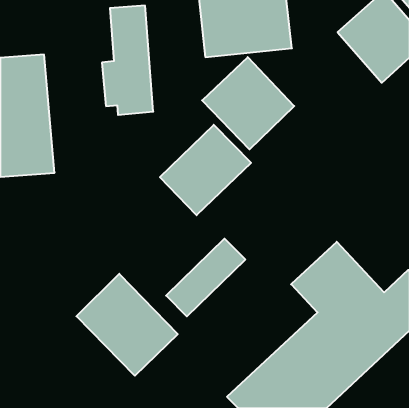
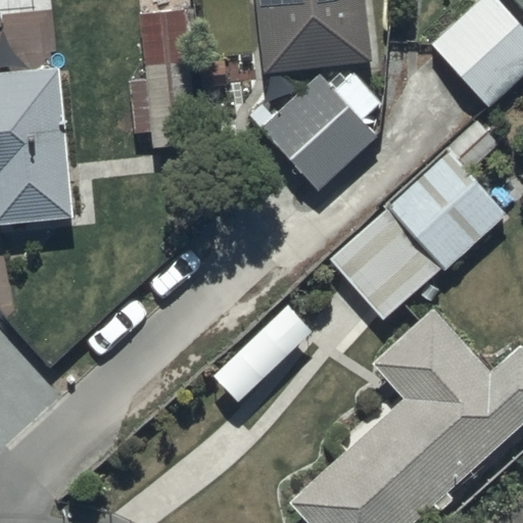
building: none -> [329,152,505,321]
building: [160,125,251,215] -> none
building: [76,274,178,376] -> none

